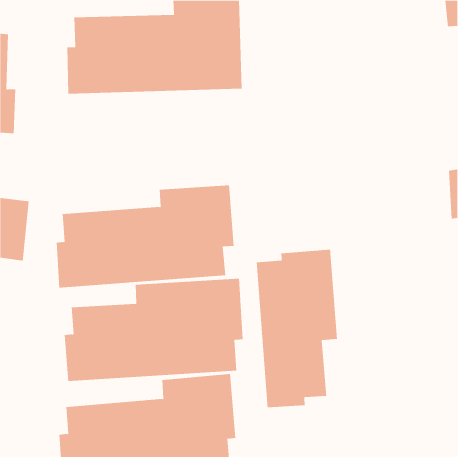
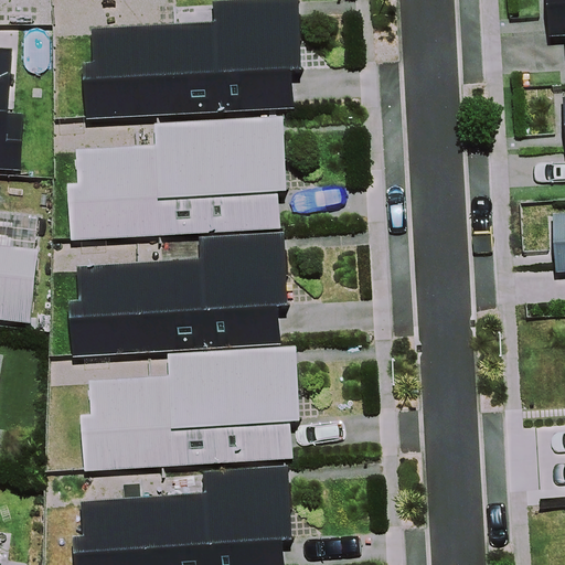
building: none -> [66,115,286,241]
building: [256,249,338,408] -> none

